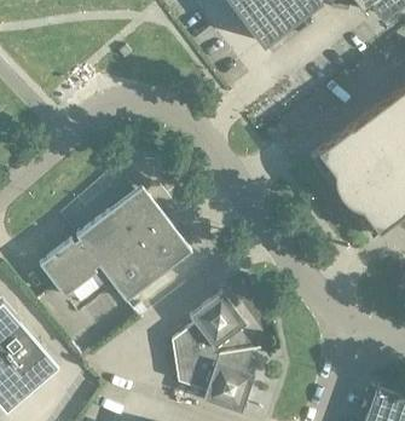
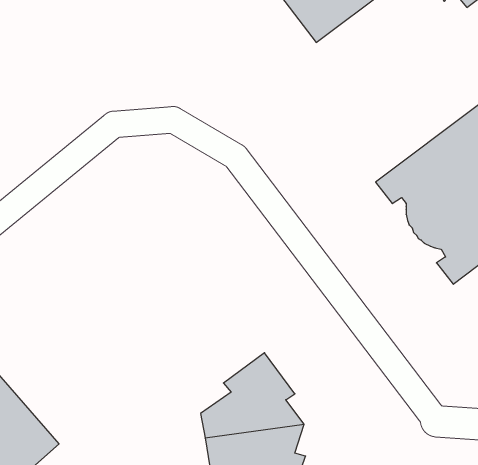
building: [39,188,191,304] -> none

